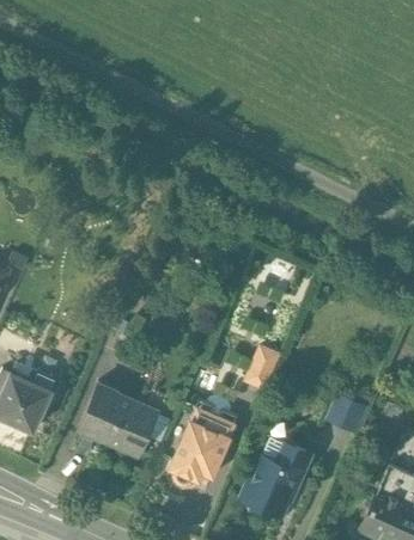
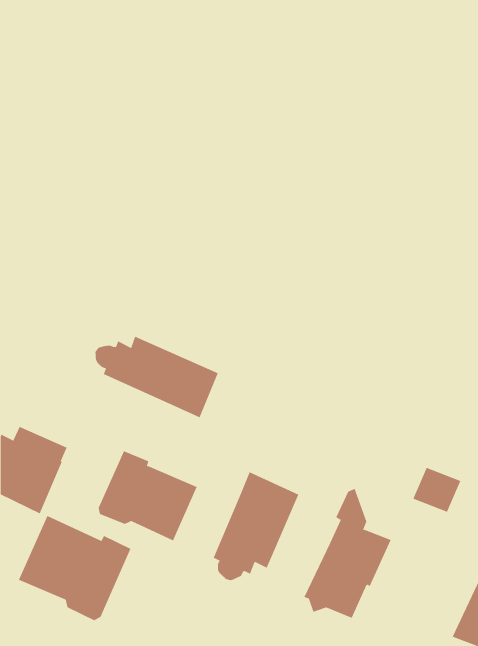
building: none -> [95,336,219,418]
building: [245,348,279,389] -> none
building: none -> [18,515,131,621]

